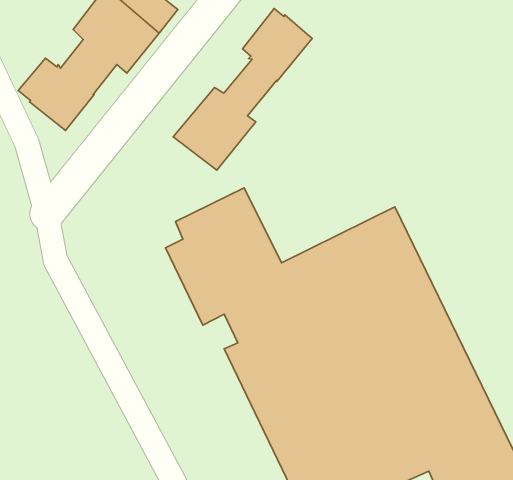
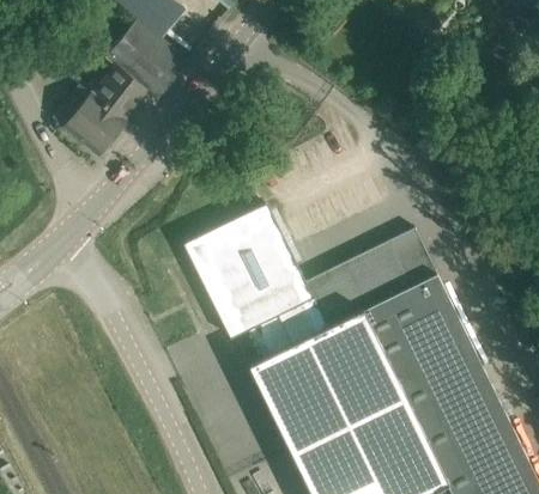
building: [173,9,312,170] -> none

